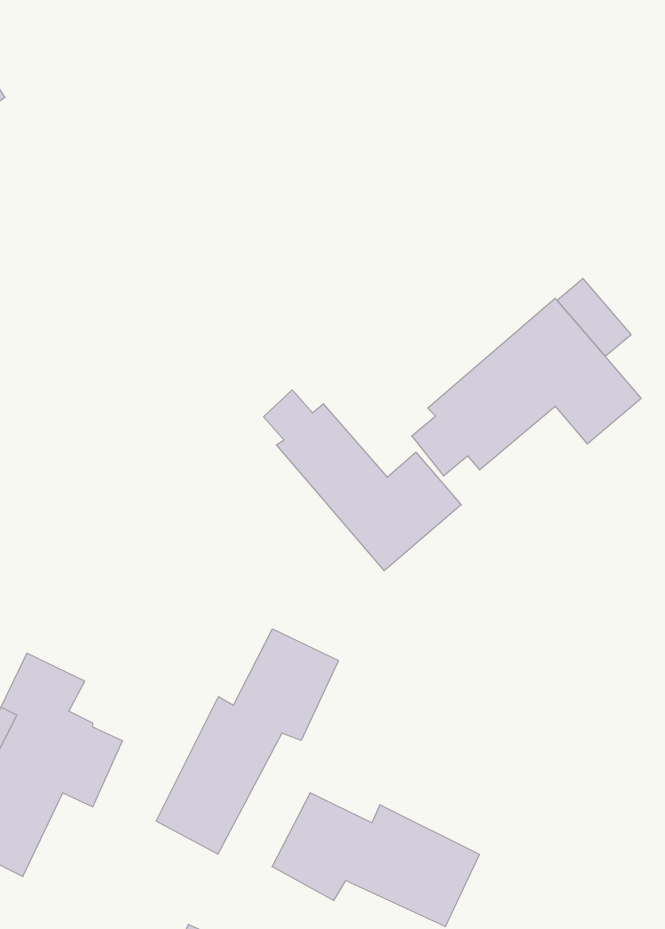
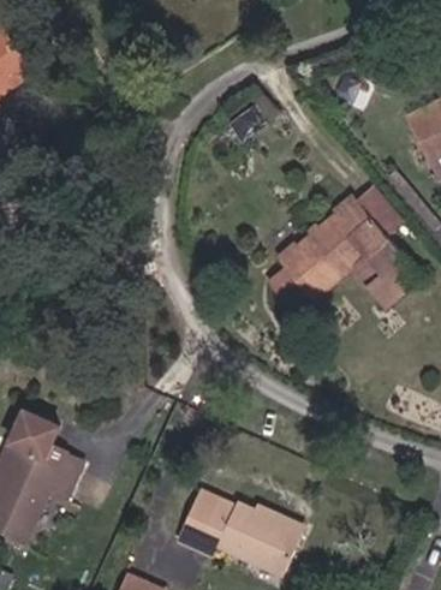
building: [264,390,461,571] -> none
building: [156,629,338,854] -> none

